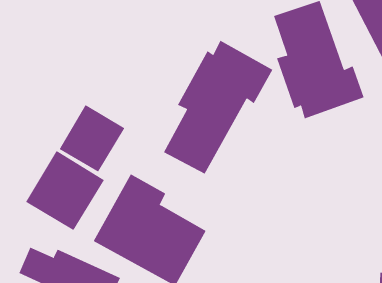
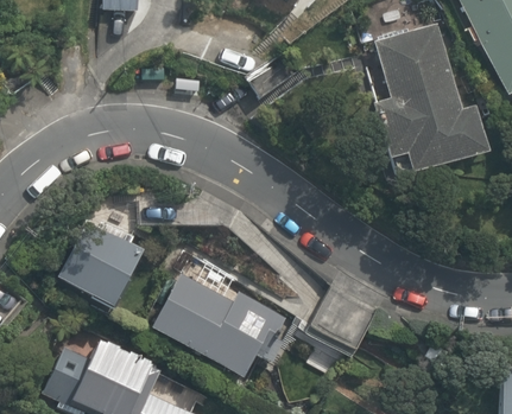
building: [163,40,273,175] -> none
building: [59,104,125,173] -> none

